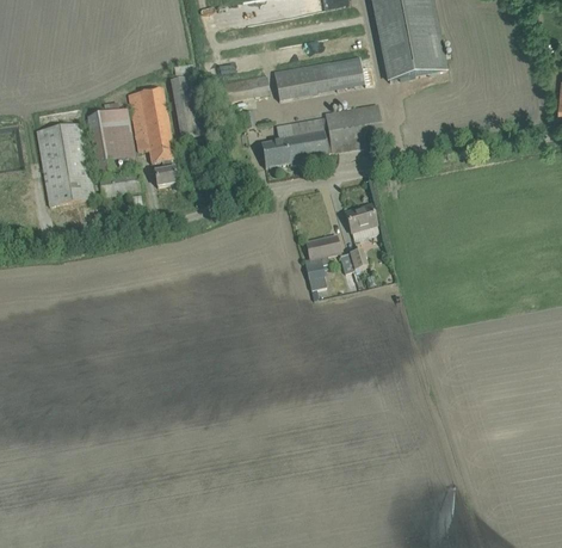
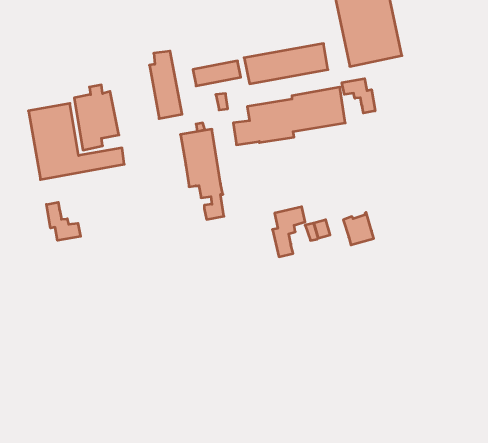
building: [128,86,175,185] -> [180,129,224,219]
building: none -> [342,79,375,113]
building: [345,203,378,239] -> [343,212,374,245]
building: none -> [46,202,81,240]

